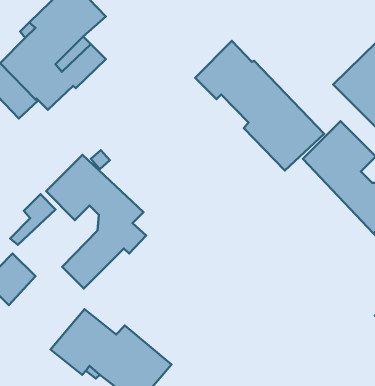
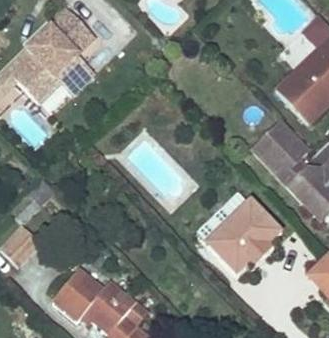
building: [195,41,324,170] -> none
building: [46,155,146,288] -> none
building: none -> [205,199,281,275]

